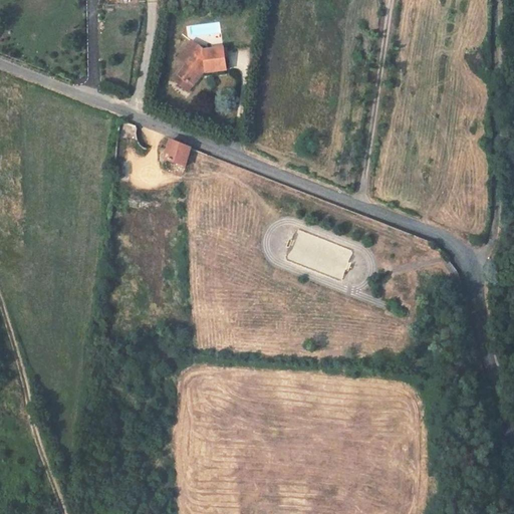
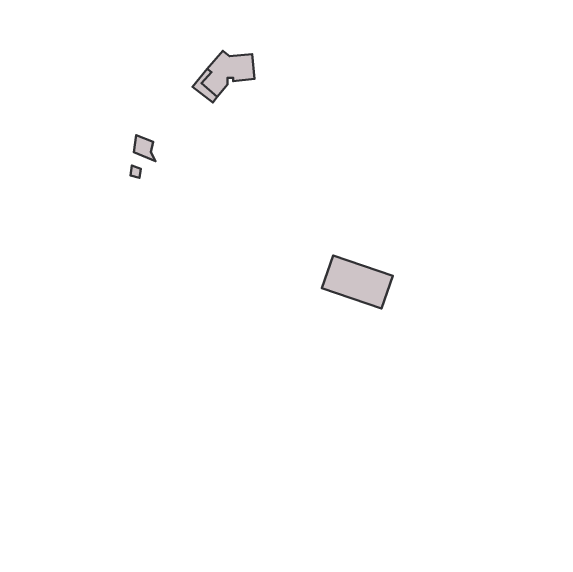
building: [161,138,189,164] -> none

